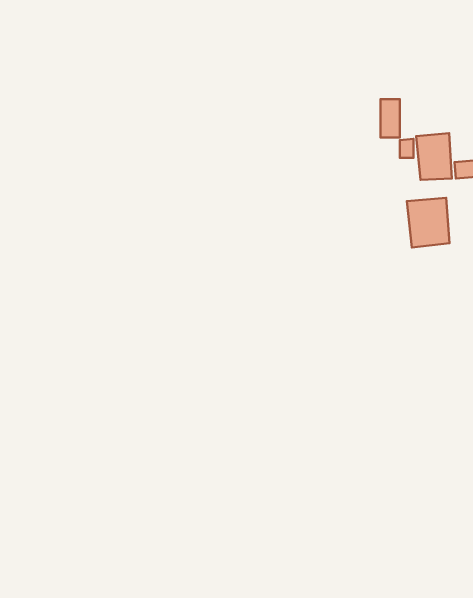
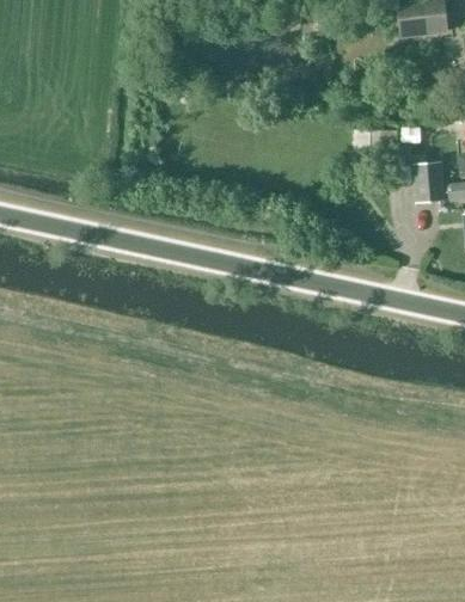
building: [407,198,449,247] -> none

